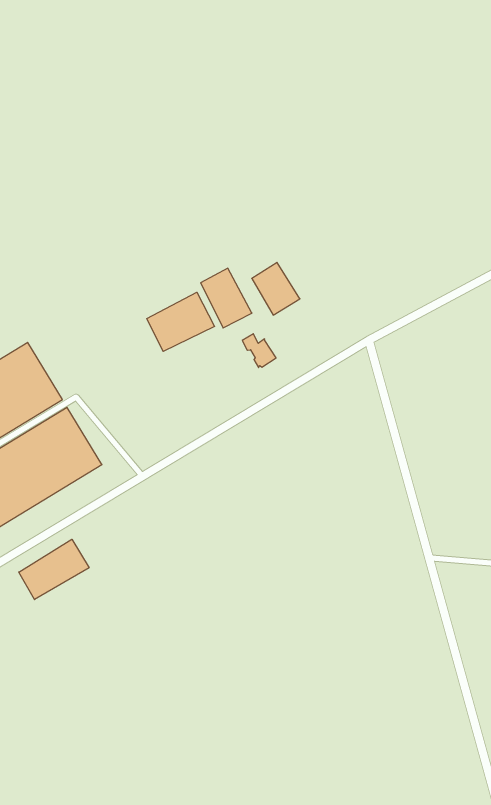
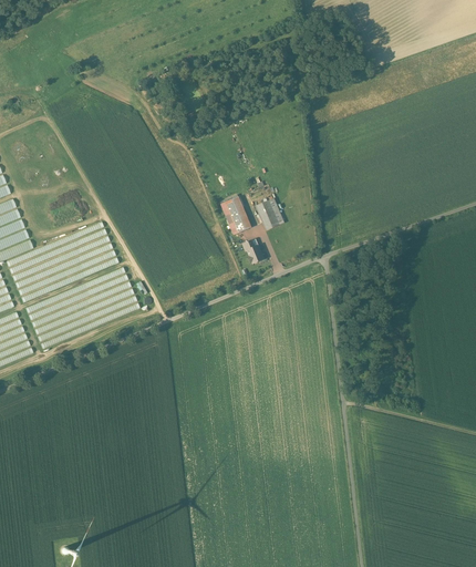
building: [147,292,215,351] -> none
building: [19,539,89,600] -> none

